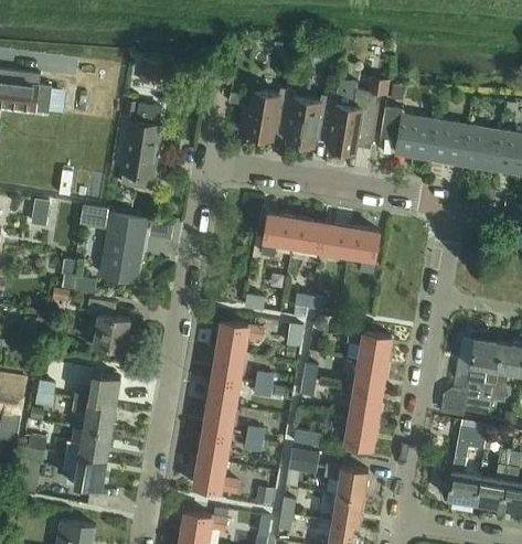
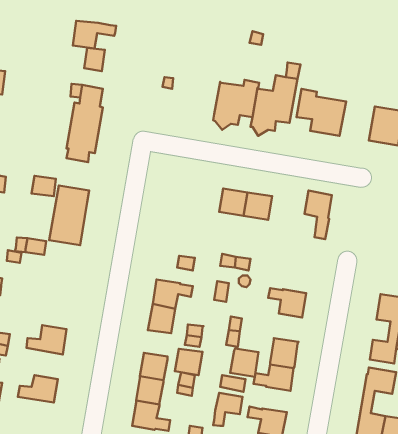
building: none -> [73,21,116,49]
building: [237,89,295,146] -> none
building: [427,120,467,164] -> none
building: [262,213,296,257] -> none
building: [347,227,377,282] -> [305,190,332,239]
building: [85,300,128,351] -> none
building: [353,360,385,392] -> [230,348,259,377]
building: [206,378,237,408] -> [175,349,202,375]
building: [72,398,115,434] -> none
building: [62,454,105,489] -> none

